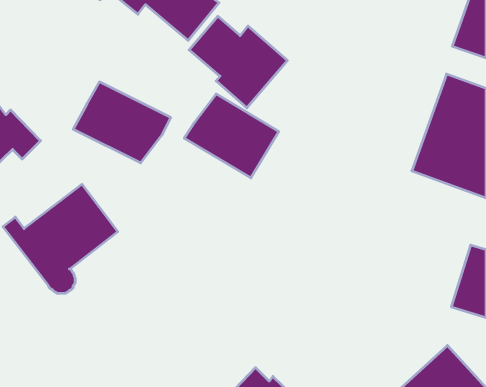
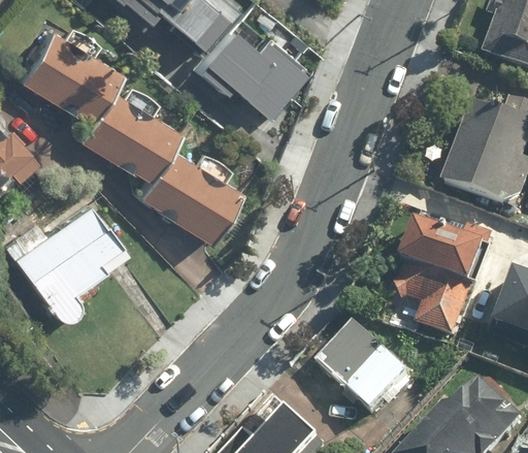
building: none -> [20,32,119,117]
building: [184,94,279,178] -> [140,150,241,239]
building: none -> [389,216,494,337]
building: none -> [315,320,411,415]

